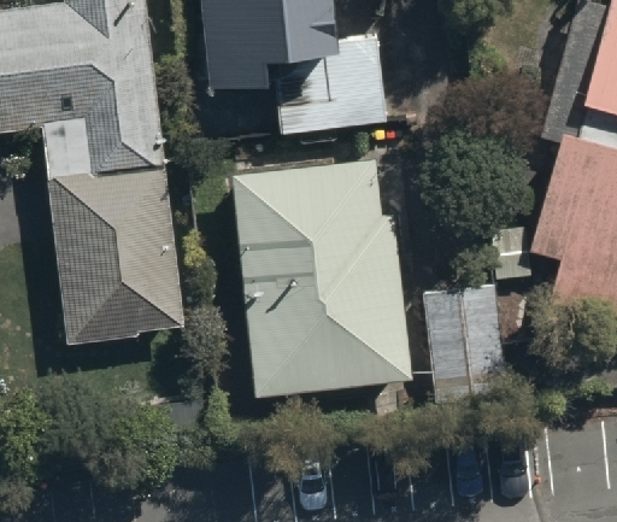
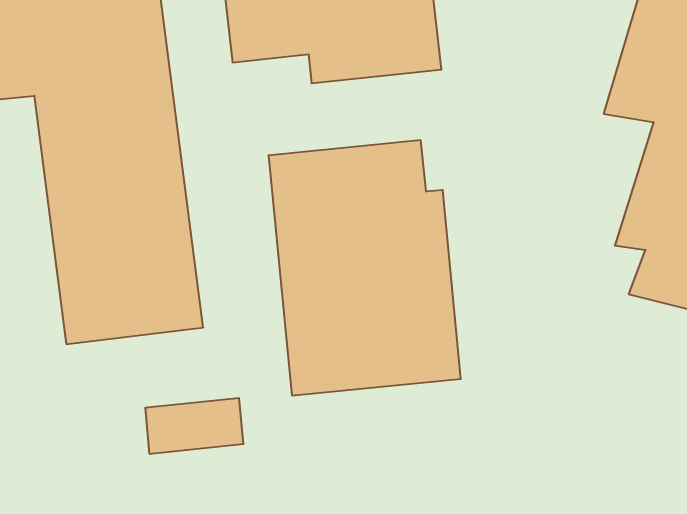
building: [422,272,501,399] -> none

